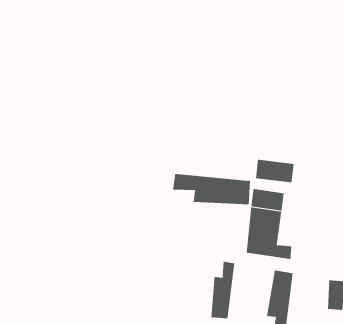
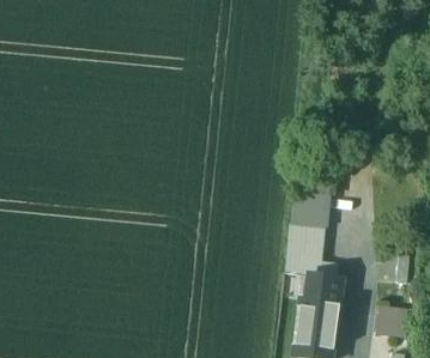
building: [172,173,251,205] -> none
building: [211,261,235,319] -> none

